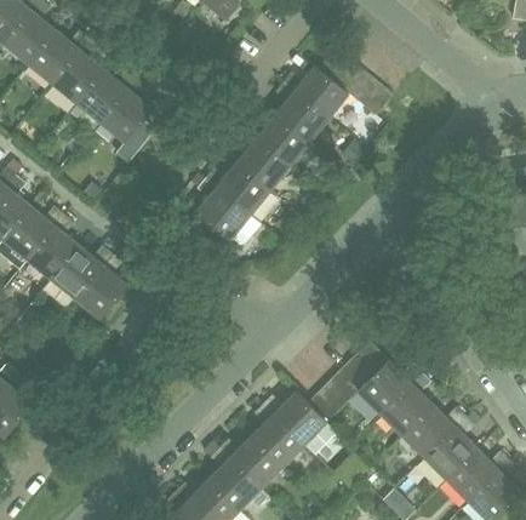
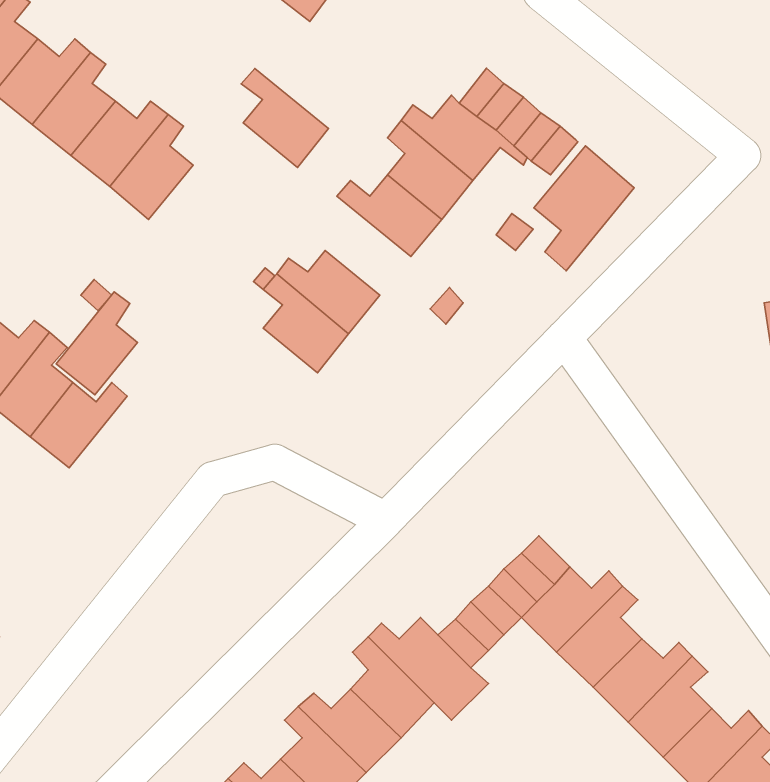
building: none -> [534,146,634,271]
building: [234,130,288,192] -> [241,68,329,167]
building: [75,255,126,319] -> [56,292,138,395]

